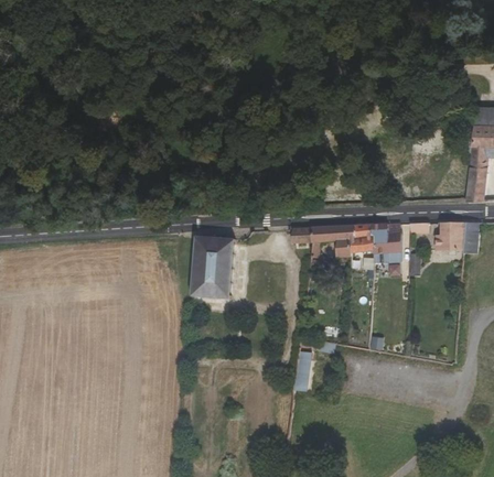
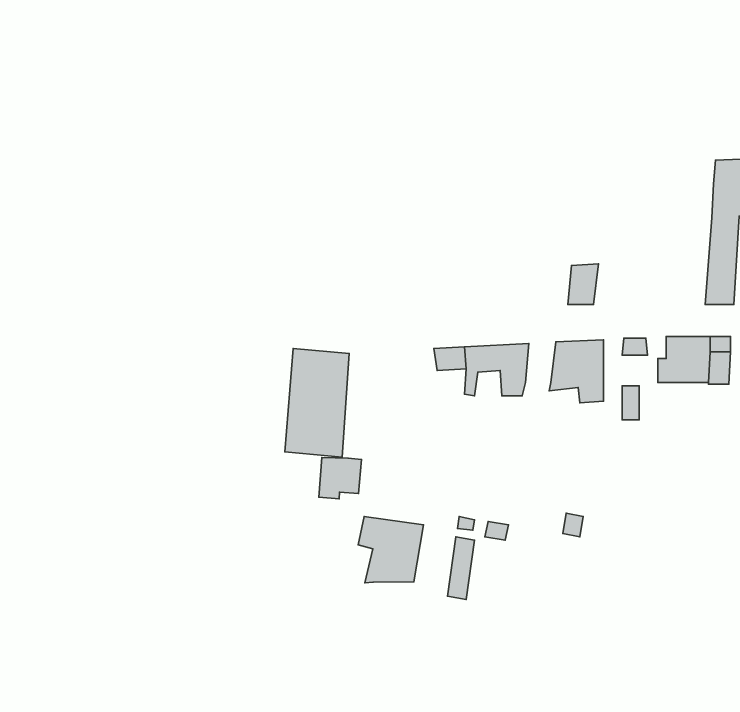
building: [347,226,367,252] -> [568,264,598,305]
building: none -> [319,457,361,499]
building: none -> [358,516,424,583]

